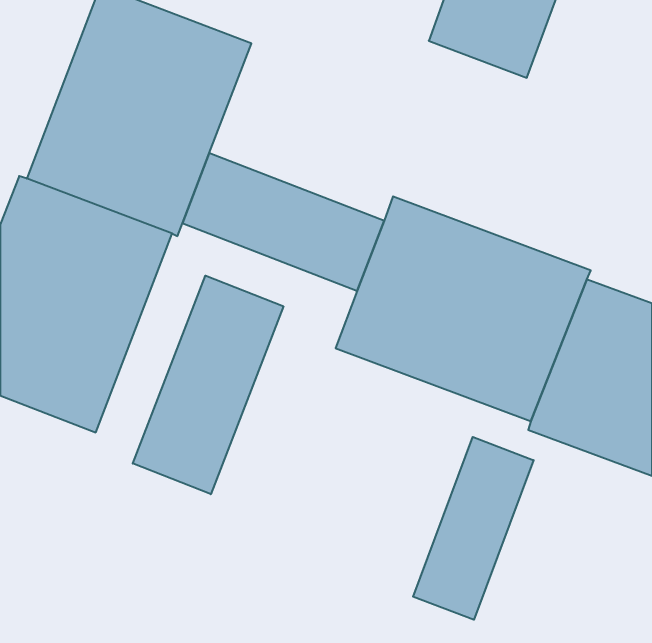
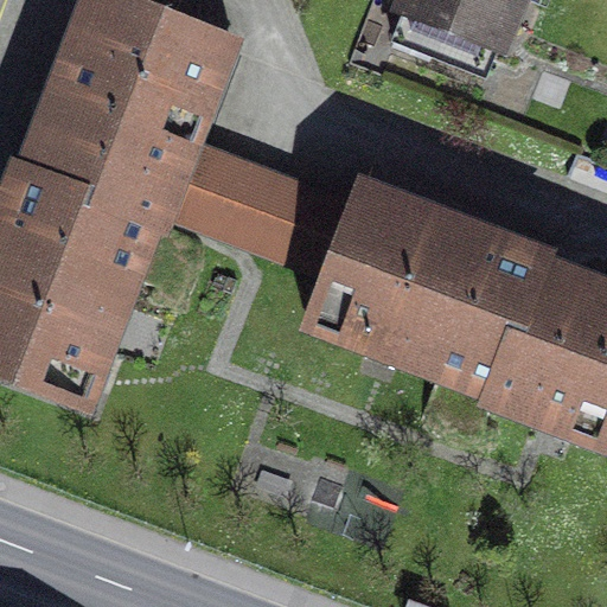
building: [133,276,283,494] -> none
building: [413,437,534,620] -> none

